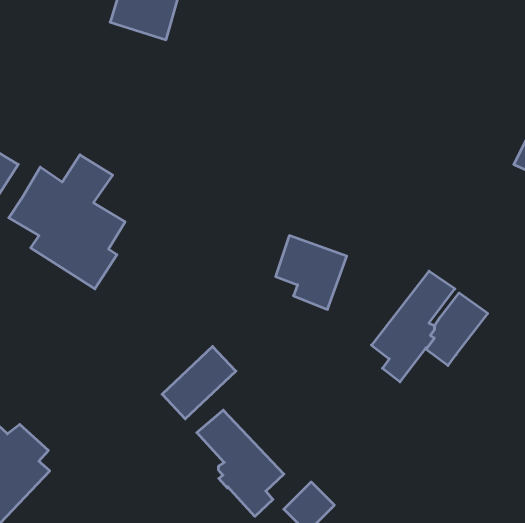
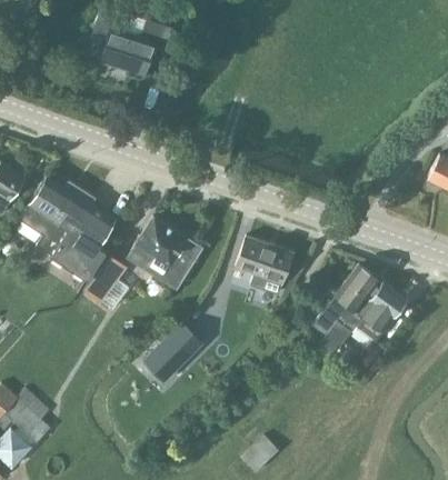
building: none -> [127,214,201,288]
building: none -> [83,254,127,307]
building: [197,410,284,516] -> none

